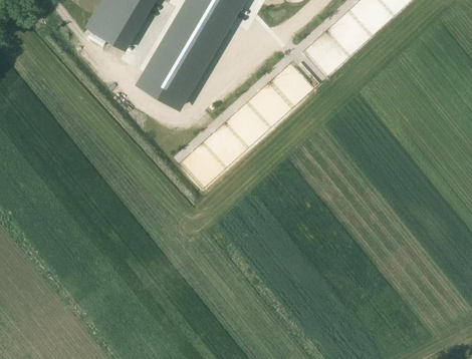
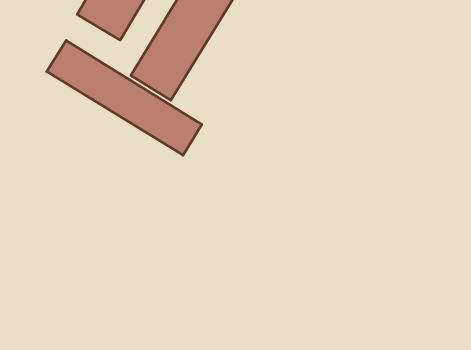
building: none -> [47,40,202,155]

